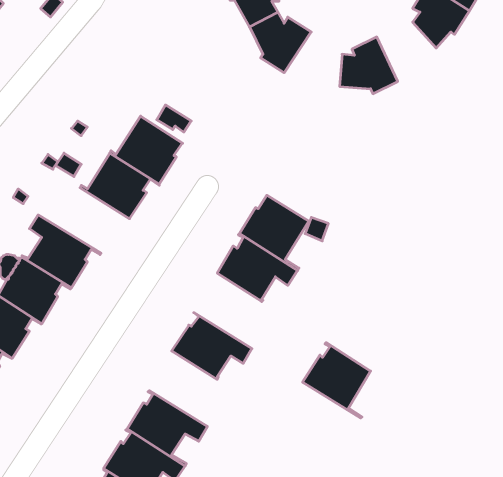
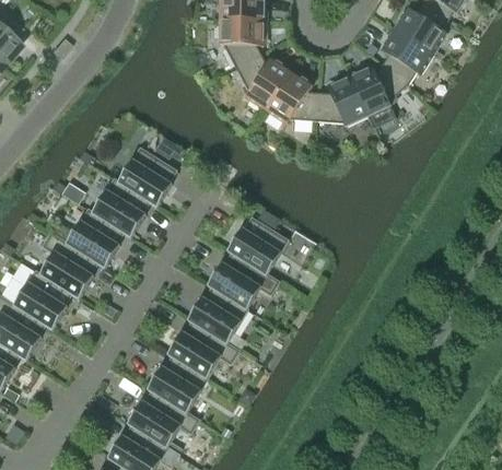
building: none -> [349,62,401,115]
building: none -> [260,71,318,121]
building: none -> [49,209,130,267]
building: [303,343,371,418] -> [187,284,247,351]
building: none -> [148,353,208,420]

